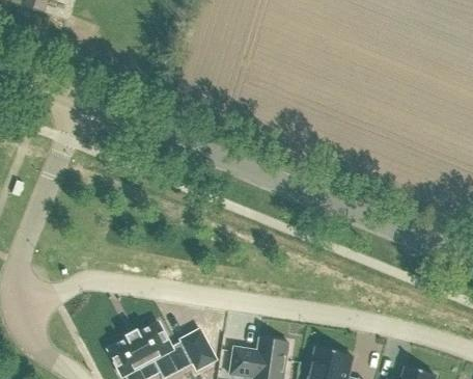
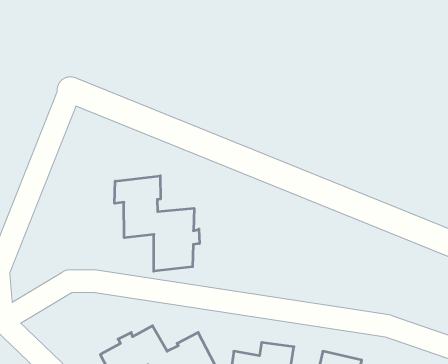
building: none -> [115,176,199,271]

